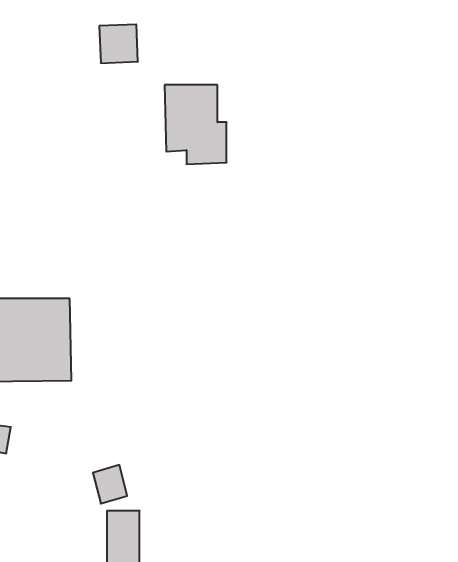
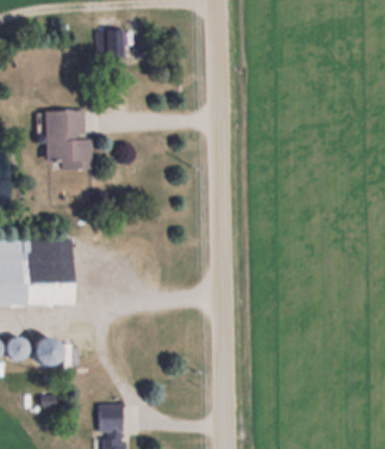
building: [165,85,227,164] -> [44,111,92,172]
building: [93,465,127,504] -> [33,336,60,365]

